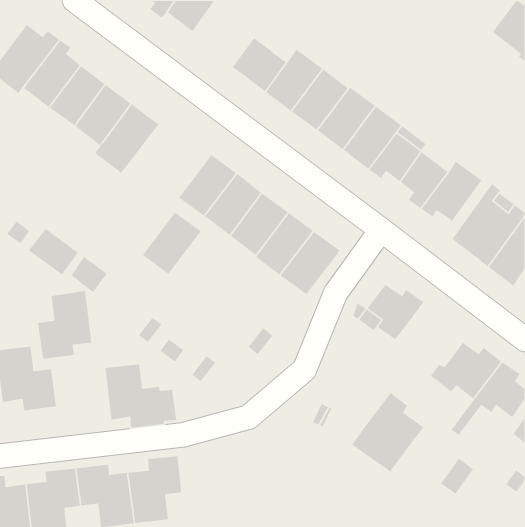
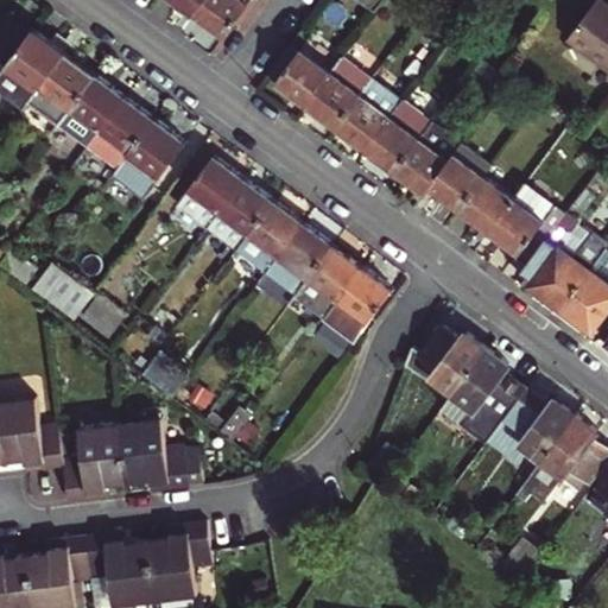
building: [142,212,202,275] -> [173,157,242,229]
building: [37,290,92,360] -> [64,424,127,504]
building: [351,392,425,473] -> [442,349,526,442]

